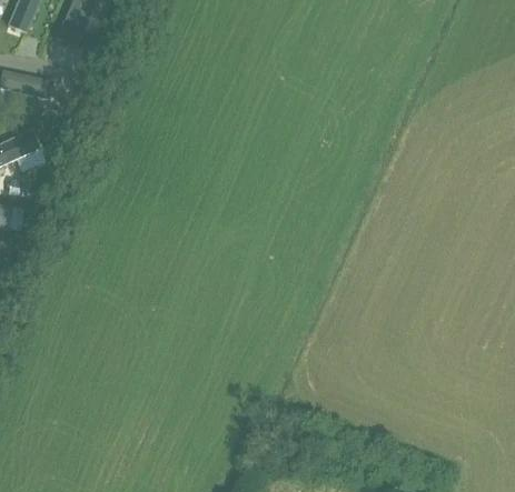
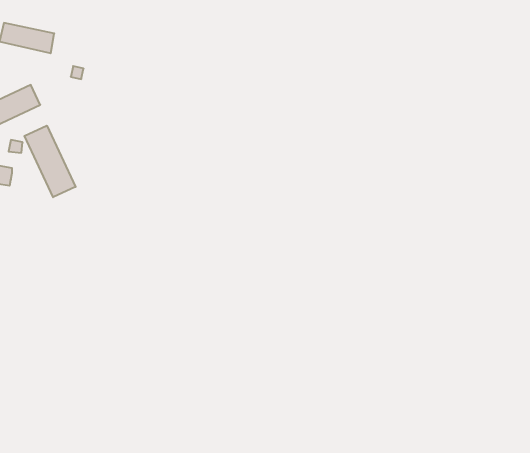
building: none -> [24,126,76,197]

